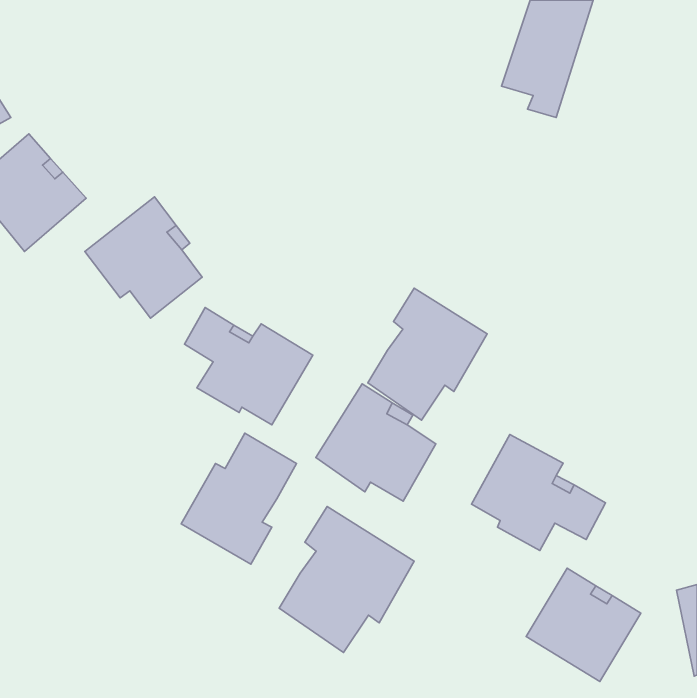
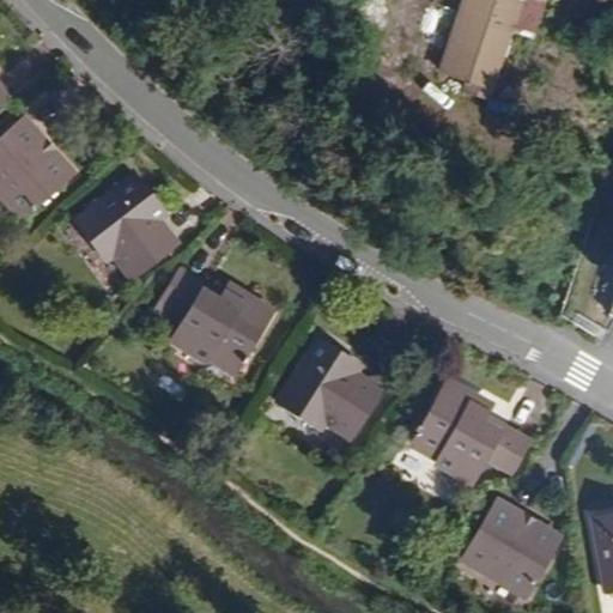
building: [368,288,487,420] -> none
building: [181,433,297,564] -> none
building: [279,507,414,652] -> none

